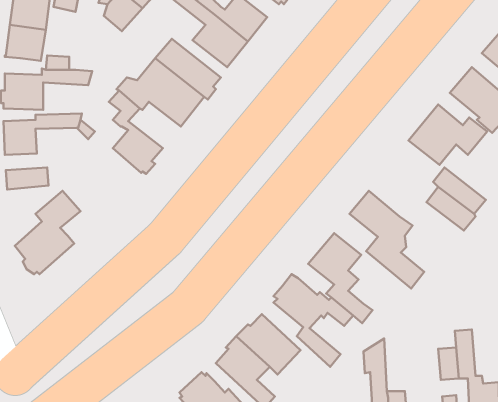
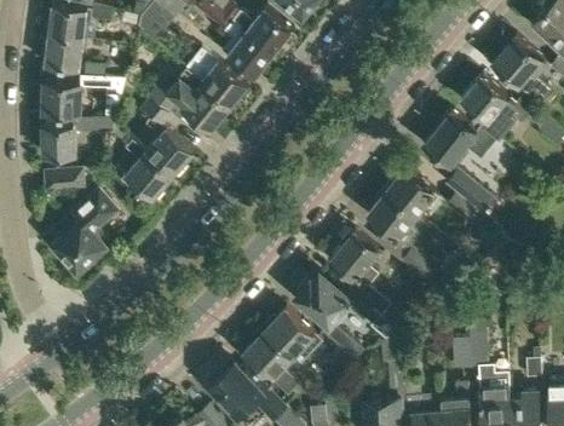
building: none -> [125,139,173,197]
building: none -> [387,168,441,215]

